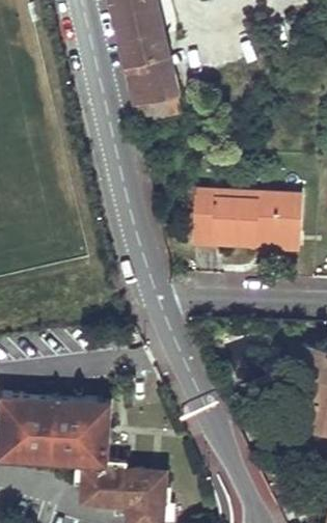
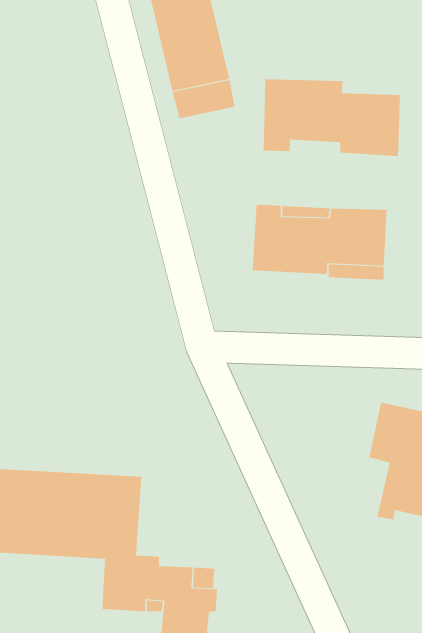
building: none -> [263,78,401,157]

